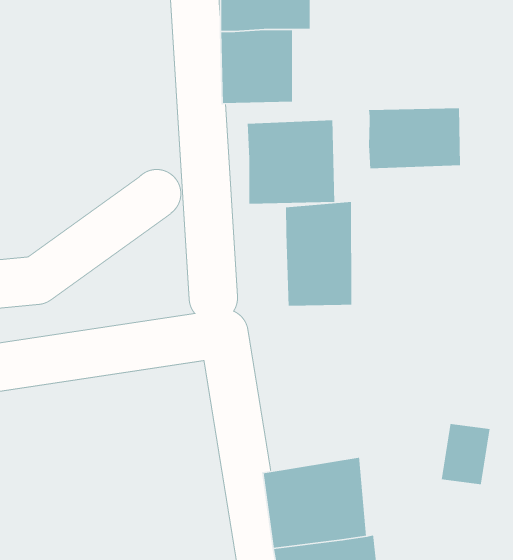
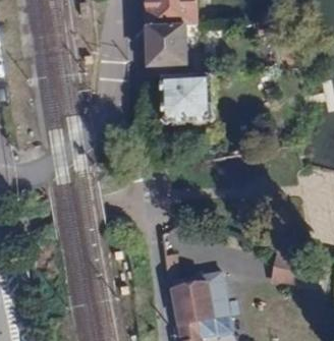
building: [368,107,461,169] -> none
building: [285,201,352,307] -> none

